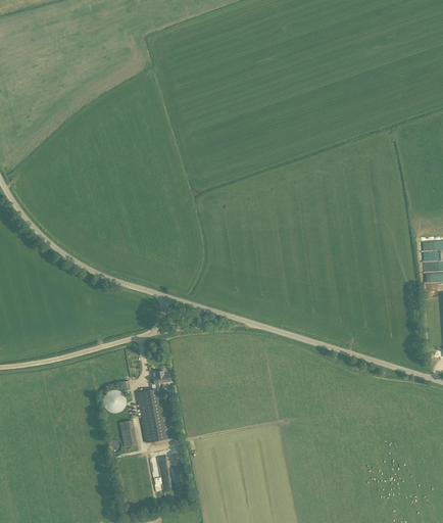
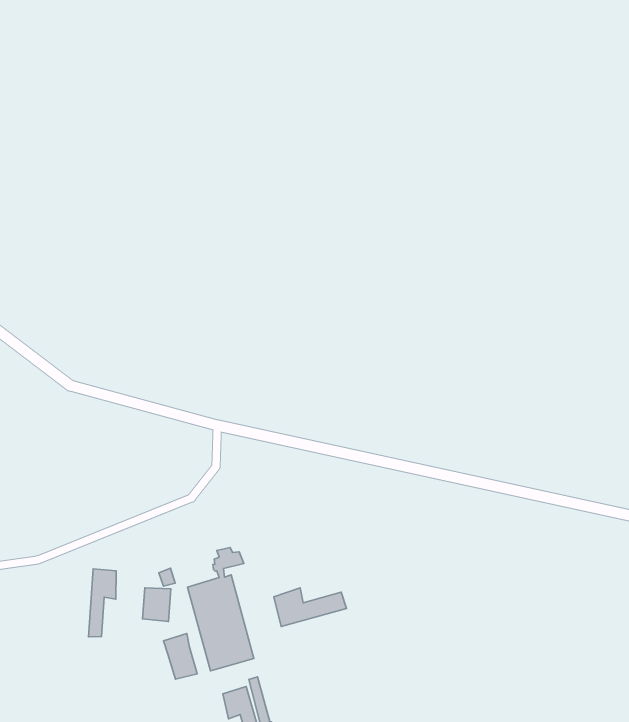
building: none -> [88,569,116,637]
building: none -> [274,588,347,626]

